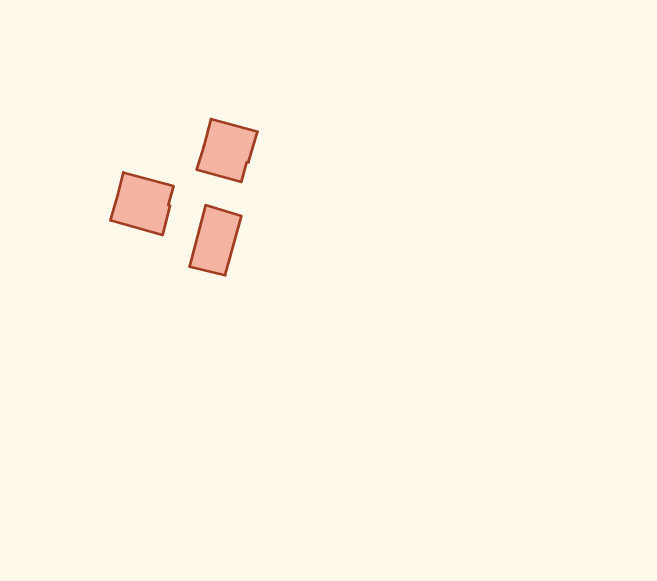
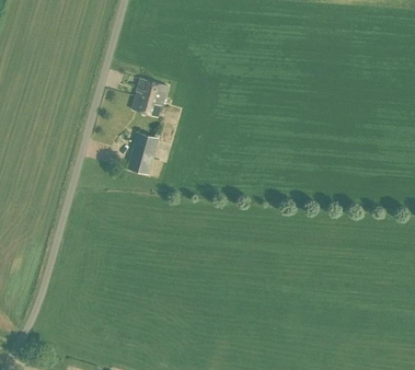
building: [111,172,173,235] -> none

